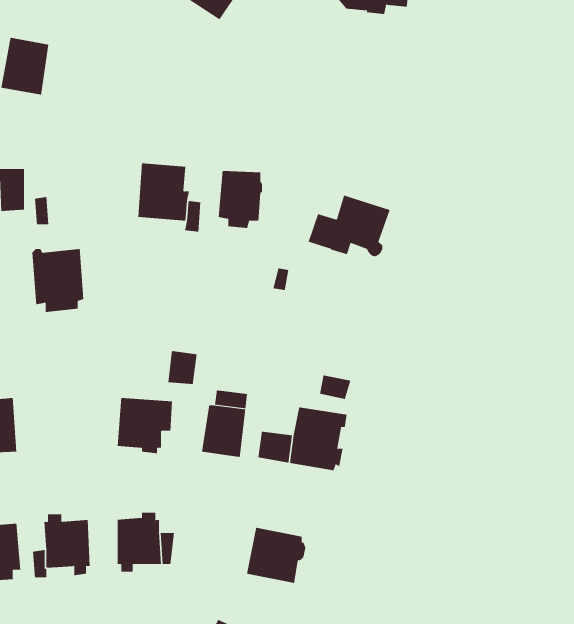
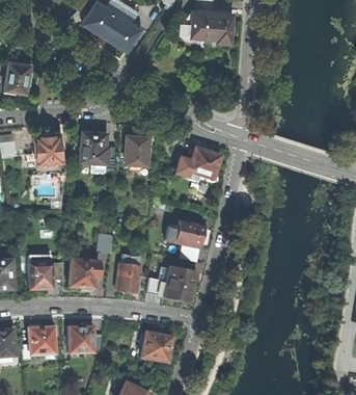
building: [32,249,84,312] -> [33,132,62,167]
building: none -> [165,220,207,247]
building: none -> [28,261,52,289]

